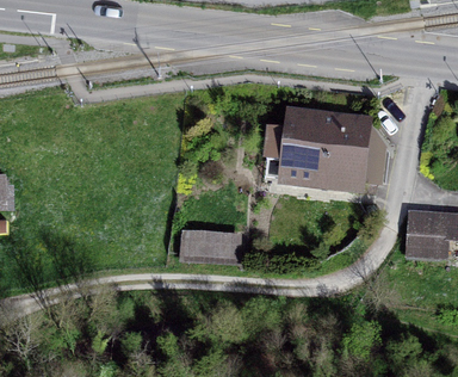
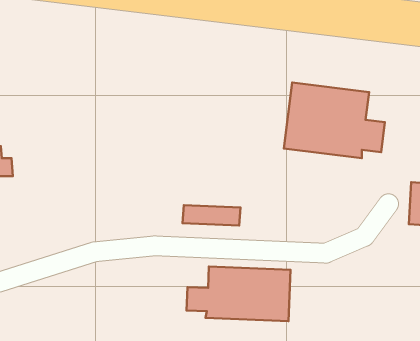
building: none -> [186,266,291,321]

